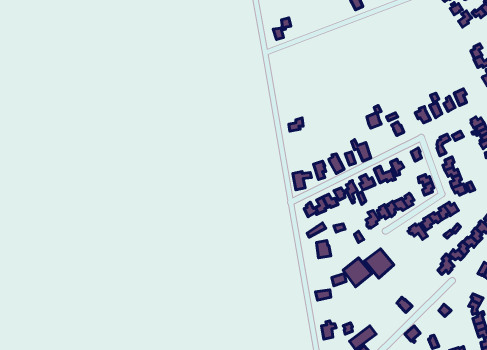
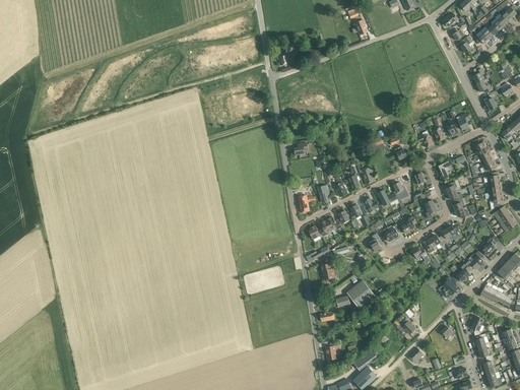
building: [365,249,394,278] -> none

